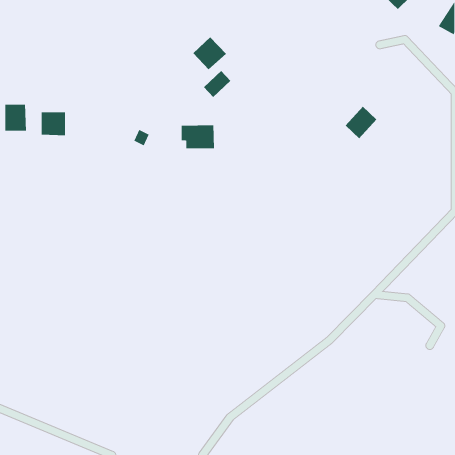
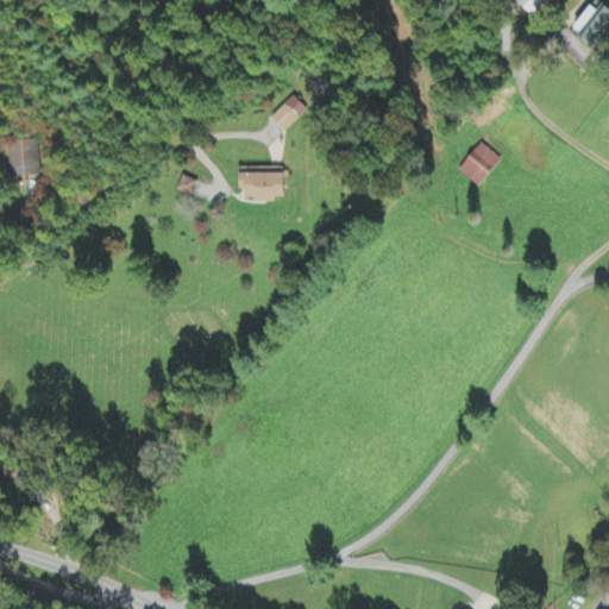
building: [192,36,227,70] -> none
building: [41,111,65,136] -> none

